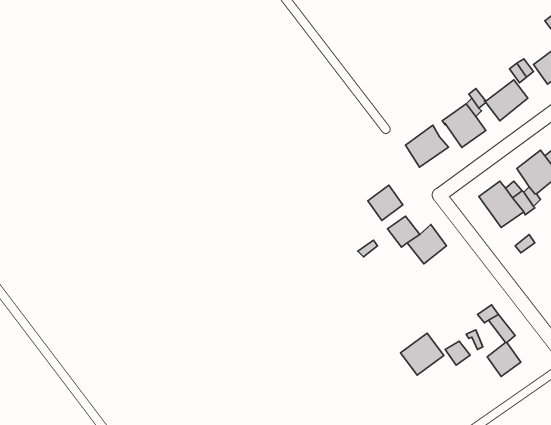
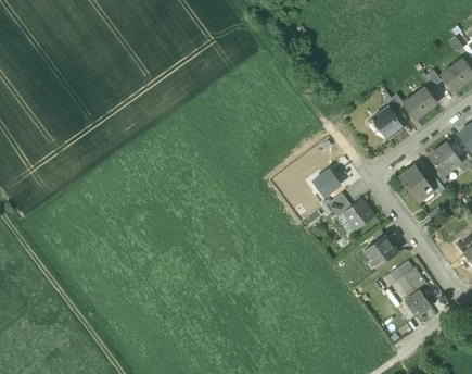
building: [405,125,448,167] -> none
building: [400,333,444,375] -> [363,235,397,267]

